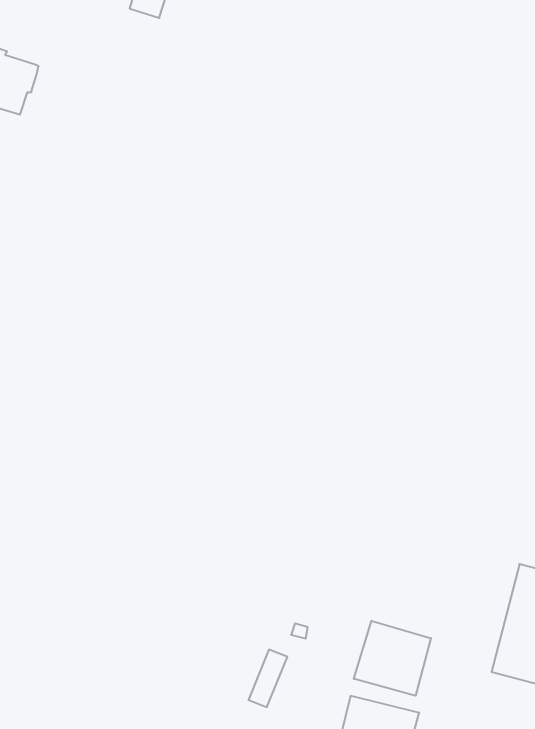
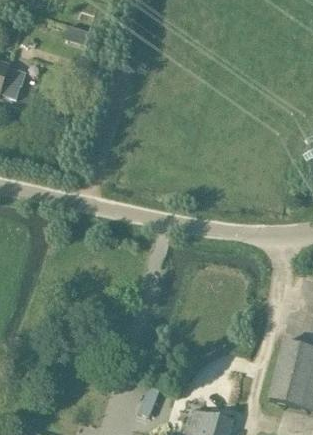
building: [354,621,431,696] -> none

